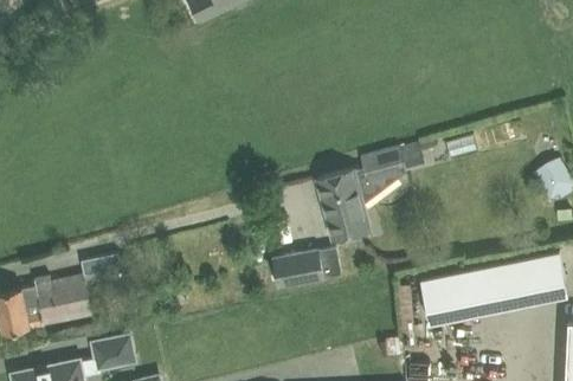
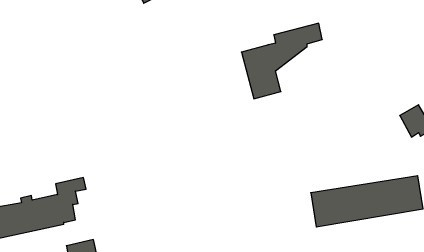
building: [317,142,424,241] -> [241,23,322,99]
building: [272,248,341,289] -> none

